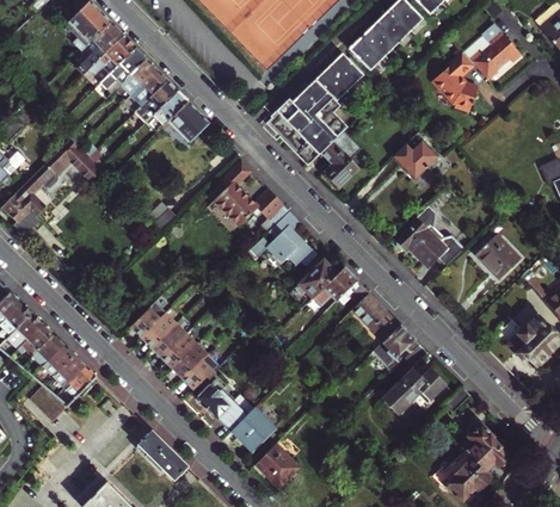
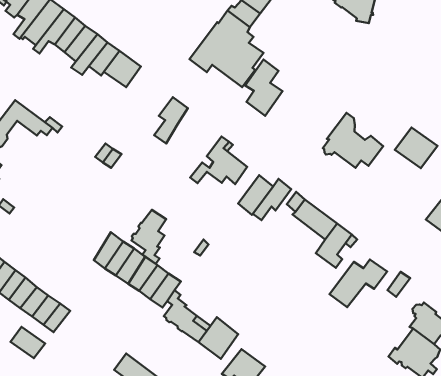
building: [393,131,441,178] -> none
building: [224,191,289,233] -> none
building: none -> [131,210,166,264]

